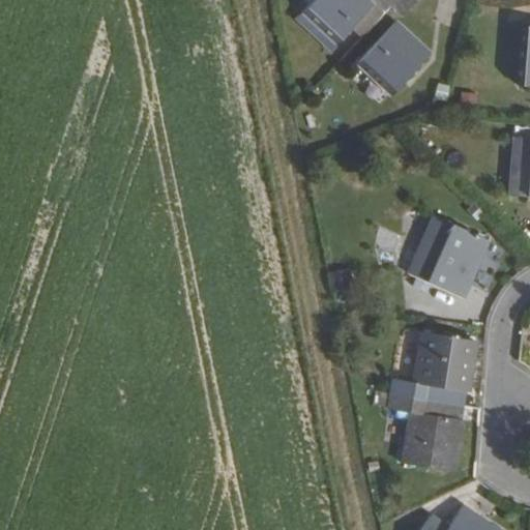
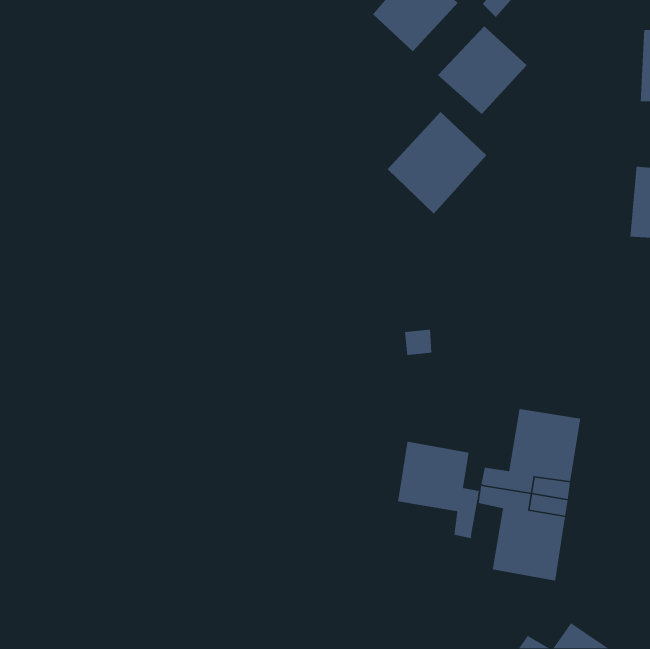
building: none -> [387,111,487,214]
building: [412,216,490,308] -> none
building: none -> [397,441,480,539]

